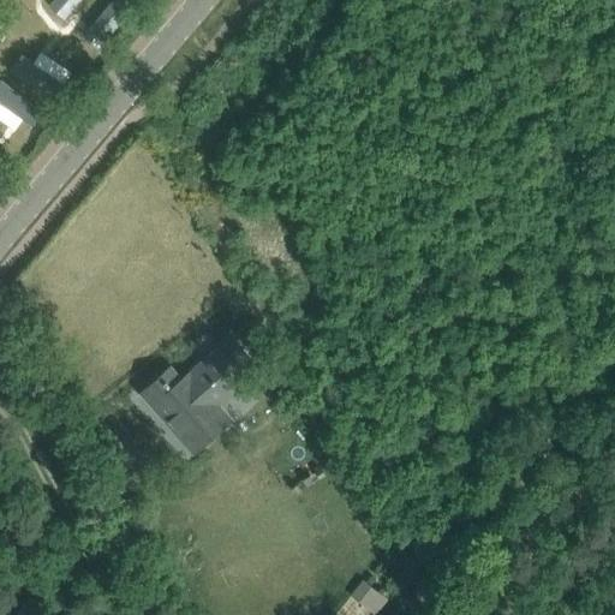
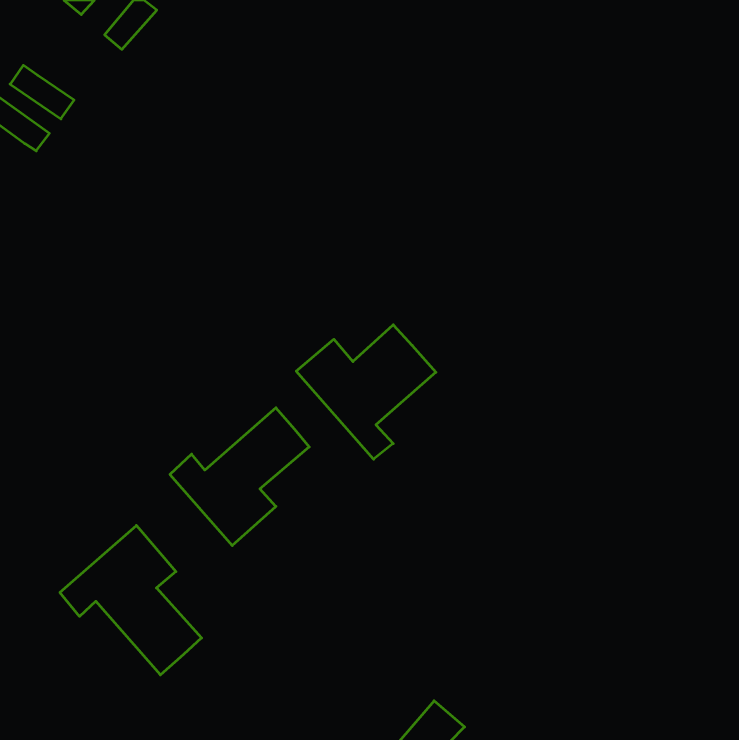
building: none -> [296,325,436,459]
building: none -> [60,525,202,675]

